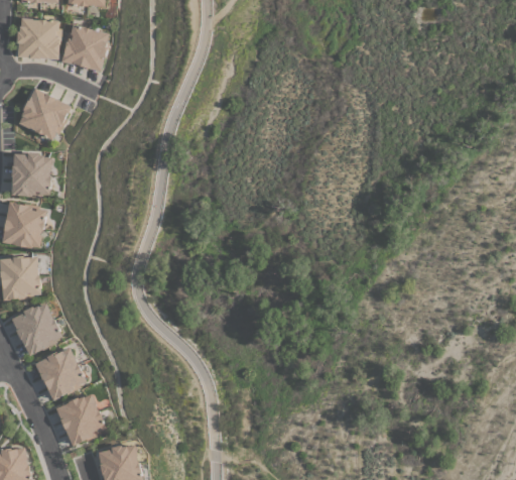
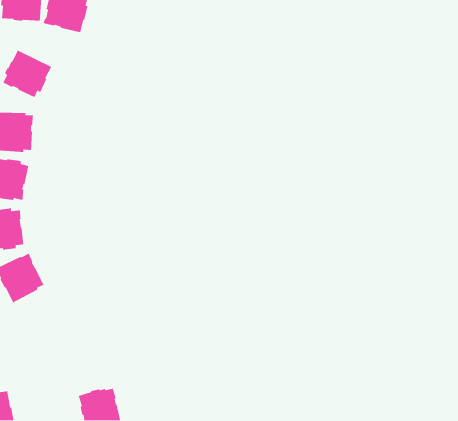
building: [34,347,87,400] -> none
building: [55,393,107,445] -> none

